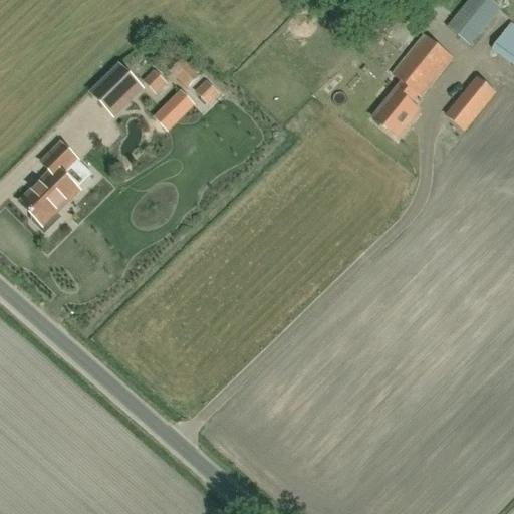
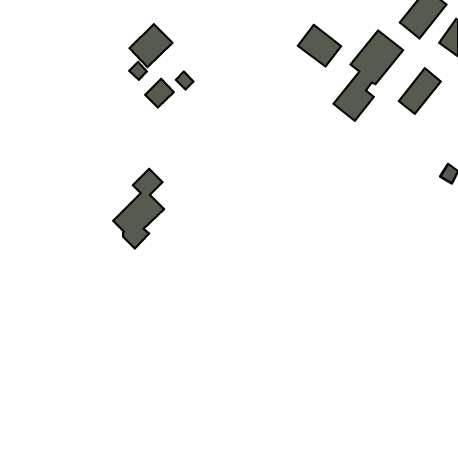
building: none -> [298,25,341,66]
building: [92,64,141,112] -> [130,24,173,67]
building: [21,143,78,232] -> [113,169,164,249]

